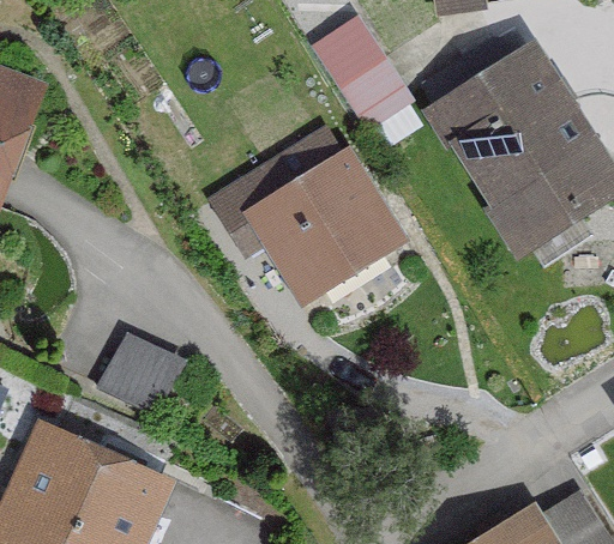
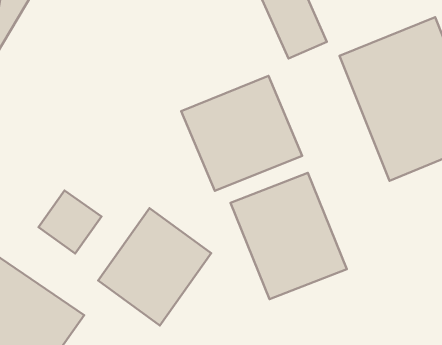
building: none -> [231,173,347,299]
building: none -> [98,208,211,325]

